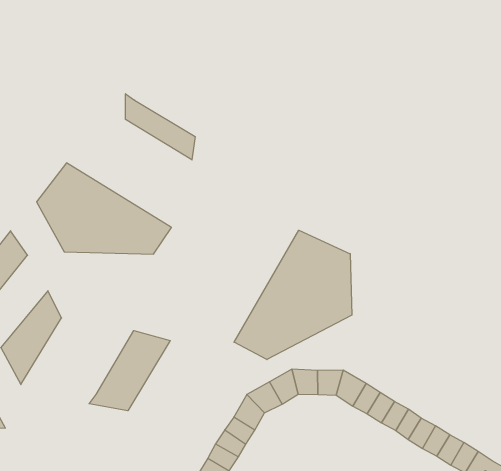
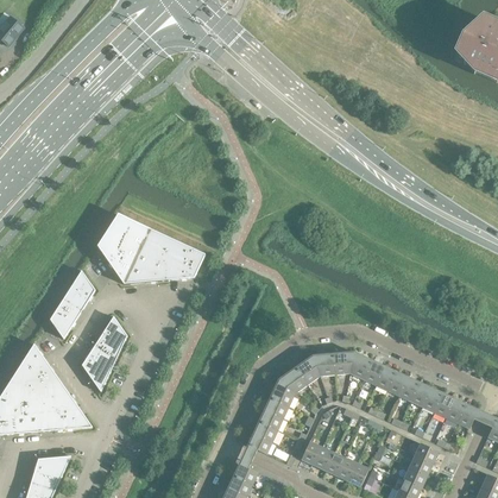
building: [126,94,195,160] -> none
building: [234,230,352,360] -> none
building: [89,331,170,411] -> none

